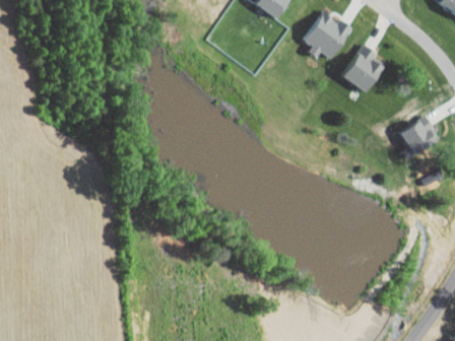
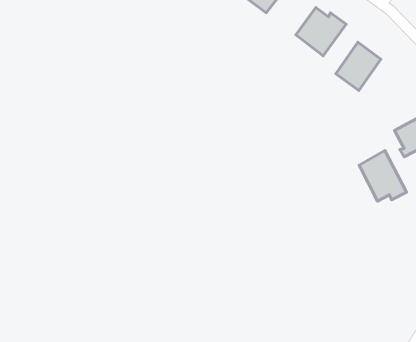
building: none -> [359,151,406,201]

